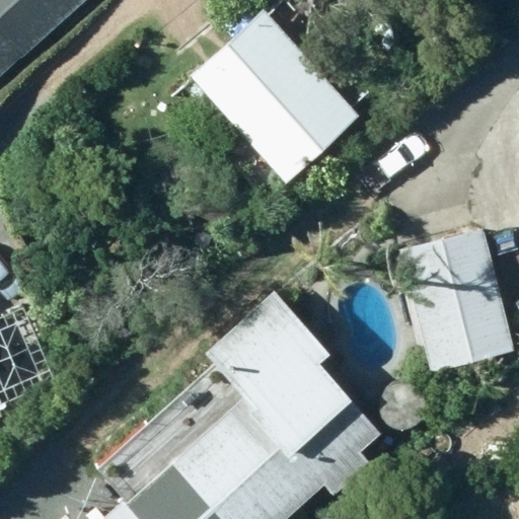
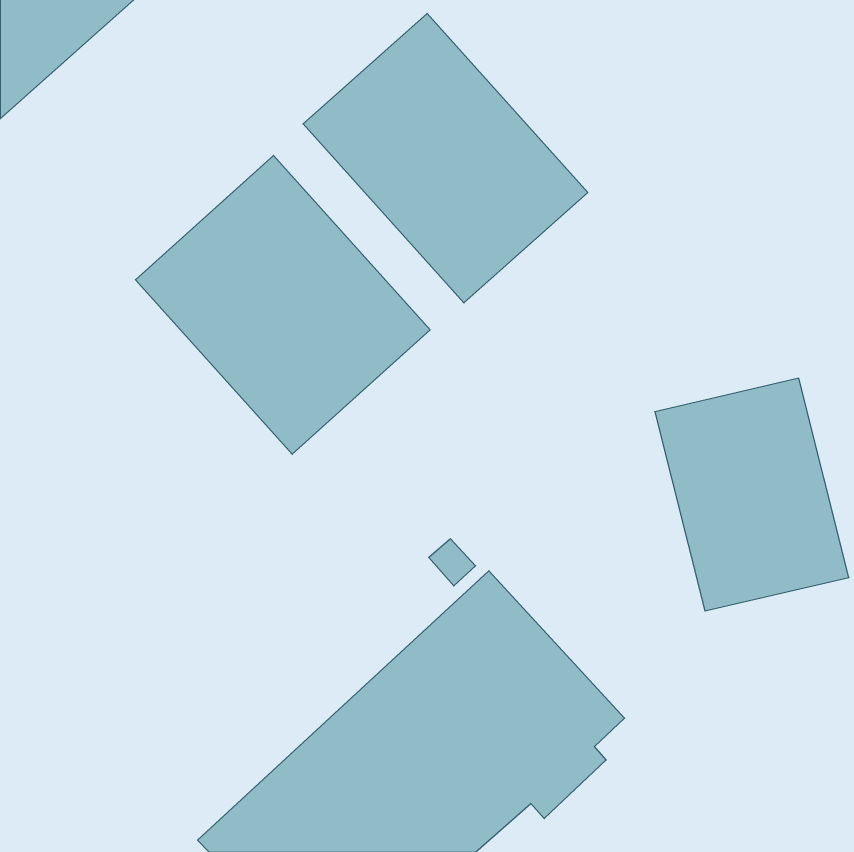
building: none -> [135,155,430,454]

